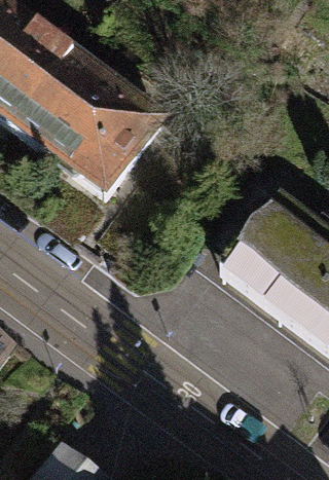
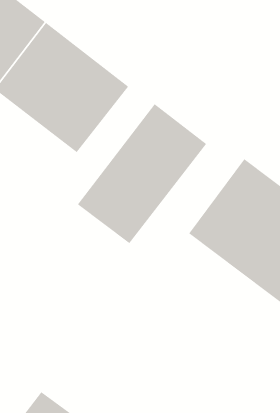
building: none -> [77,103,207,244]

